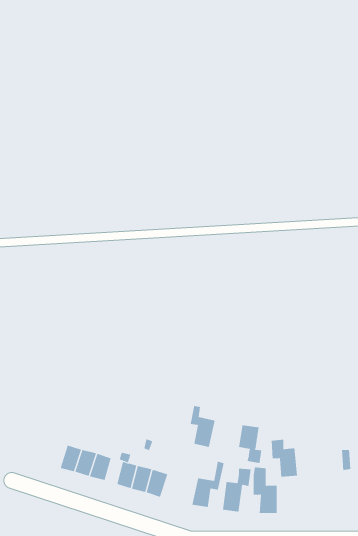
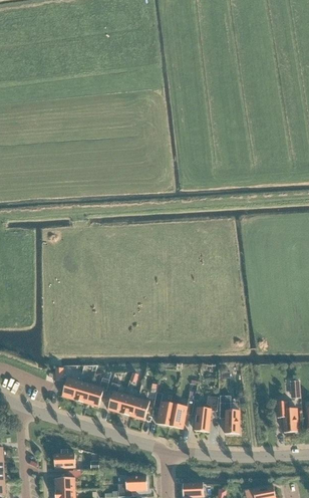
building: [190,406,216,447] -> [153,392,175,426]
building: [238,424,262,464] -> none
building: [271,439,298,477] -> [277,401,299,432]

